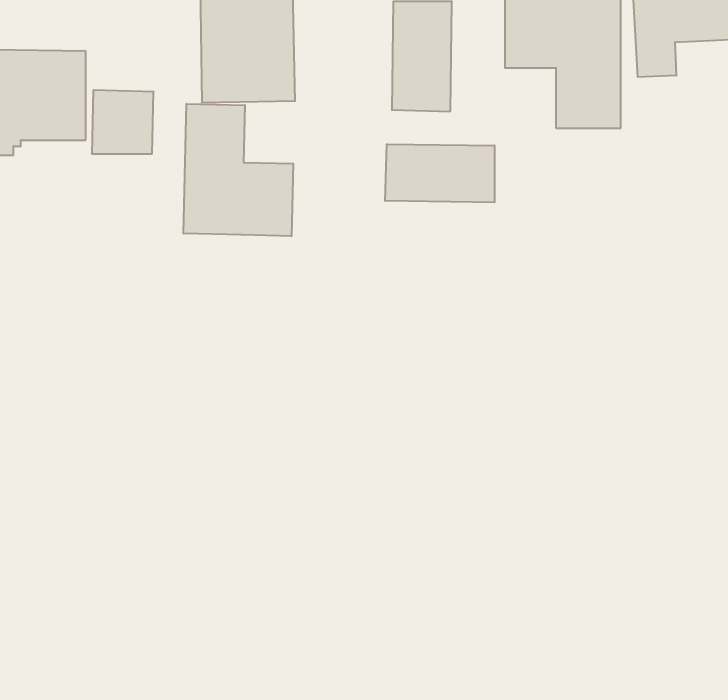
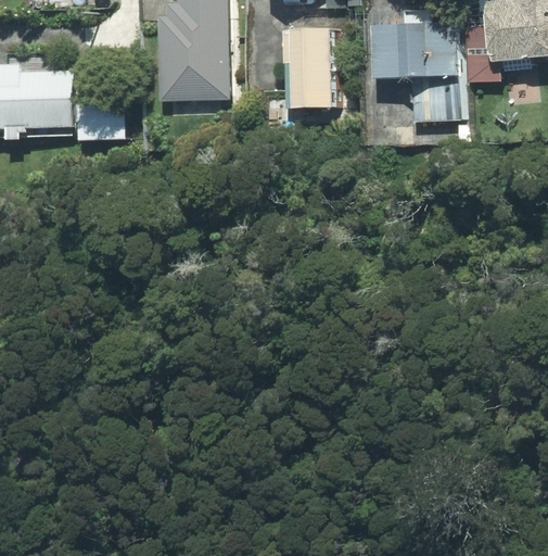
building: [183,104,293,236] -> none
building: [385,144,495,202] -> none

